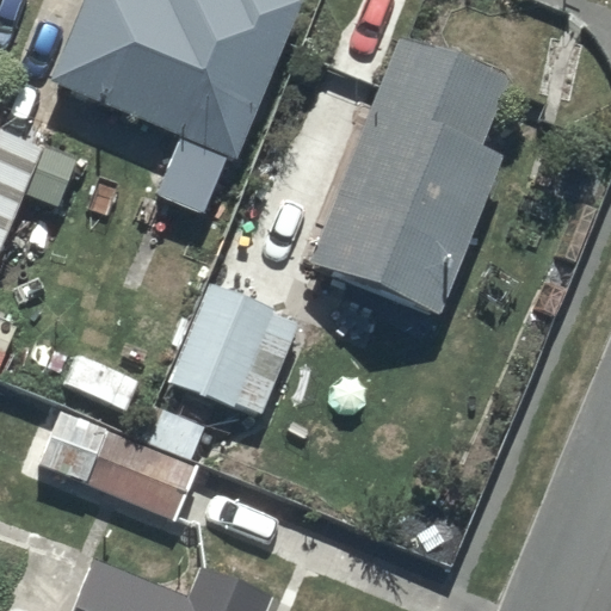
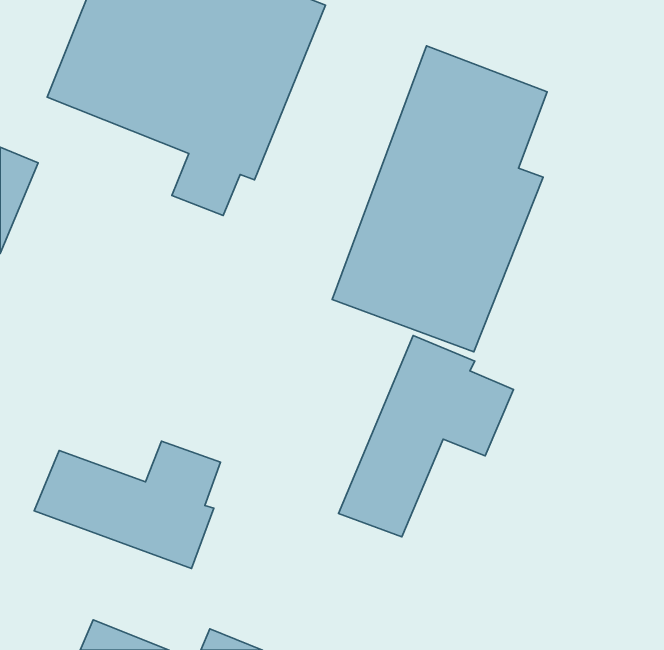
building: [169,285,297,418] -> none
building: none -> [339,335,514,537]

